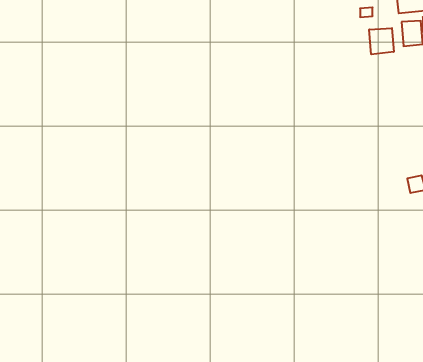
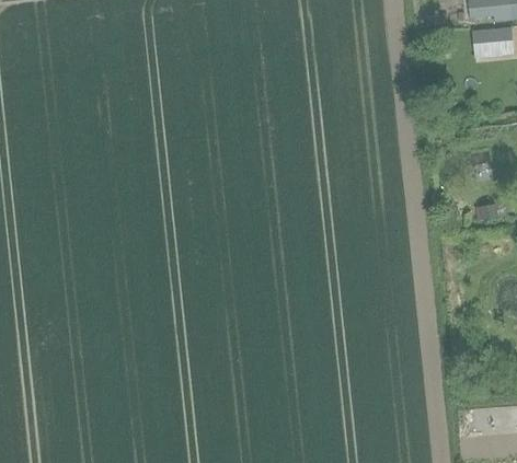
building: [369,28,394,54] -> none

